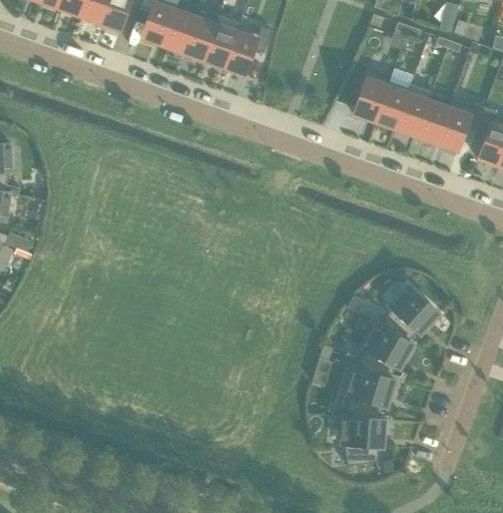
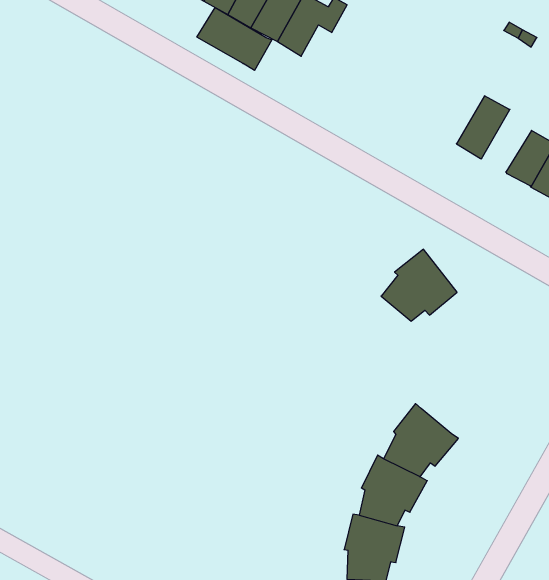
building: none -> [197,8,272,70]
building: [353,73,388,121] -> none
building: [394,84,432,136] -> none
building: [381,286,438,342] -> [381,249,457,321]

